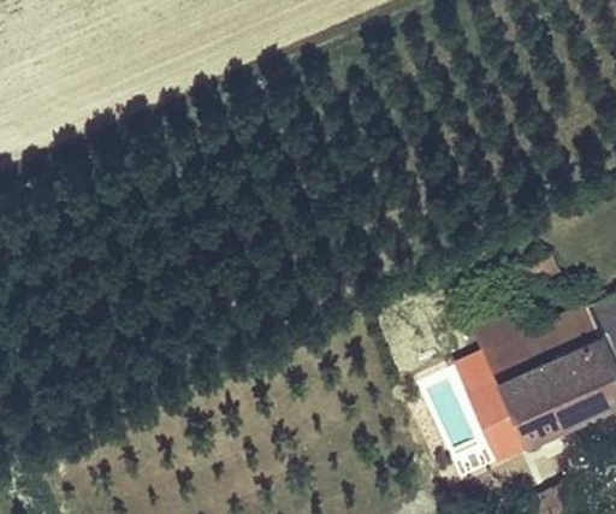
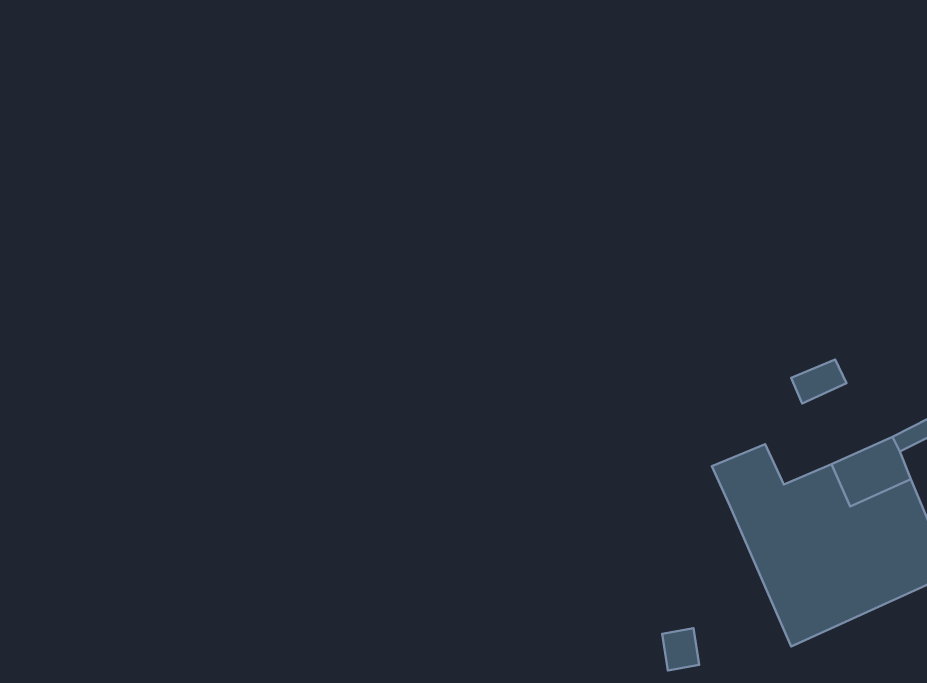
building: [457,360,526,463] -> none

